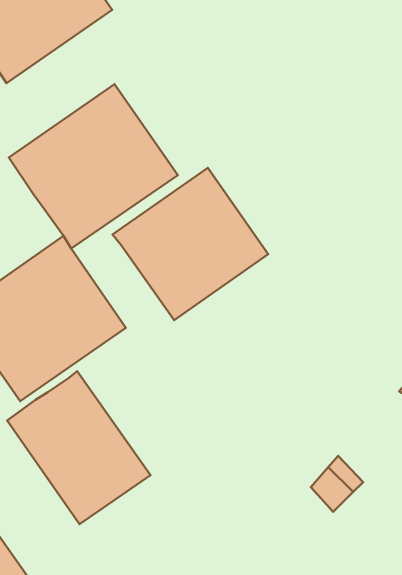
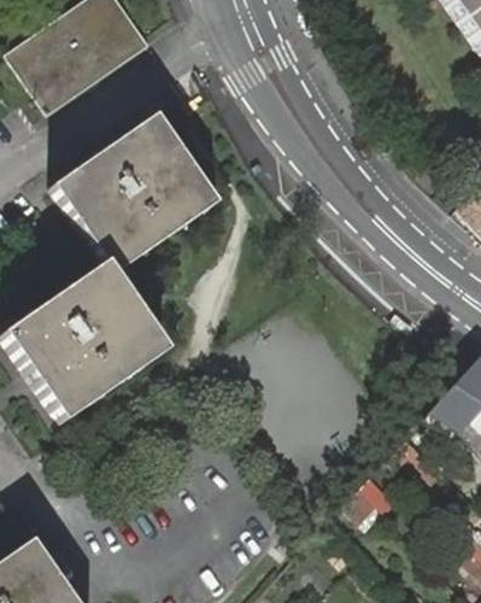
building: [113,168,268,320] -> none
building: [7,371,151,524] -> none

